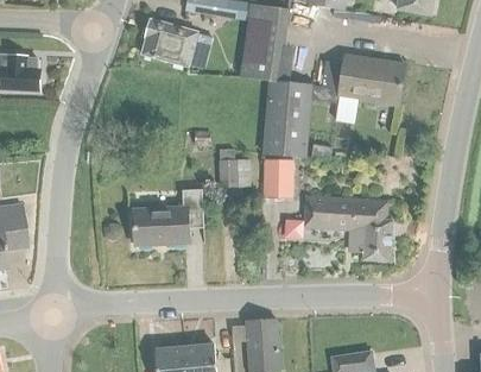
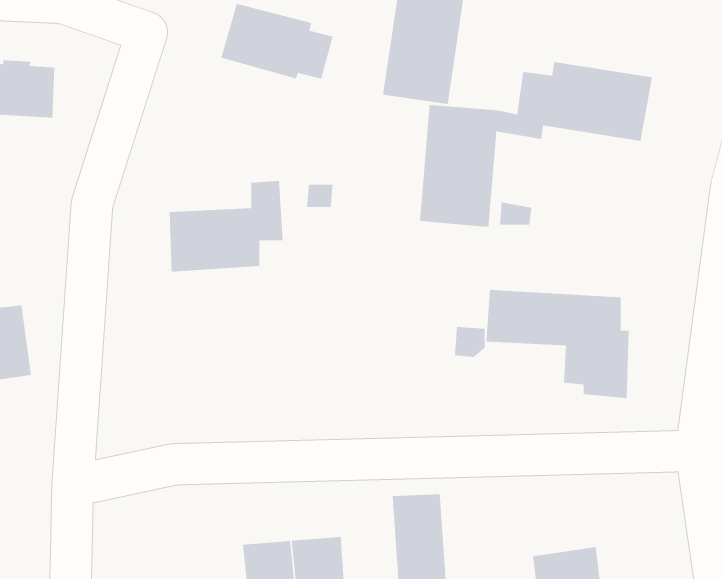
building: [219,149,249,187] -> none
building: [264,159,293,189] -> none
building: [133,189,203,245] -> [169,181,284,272]

